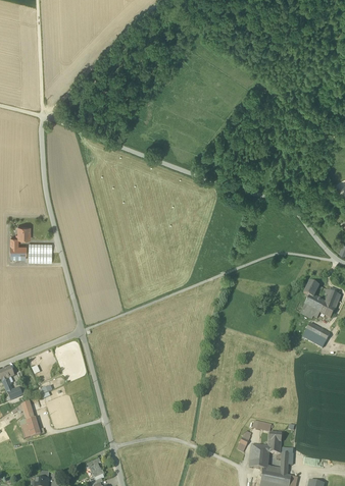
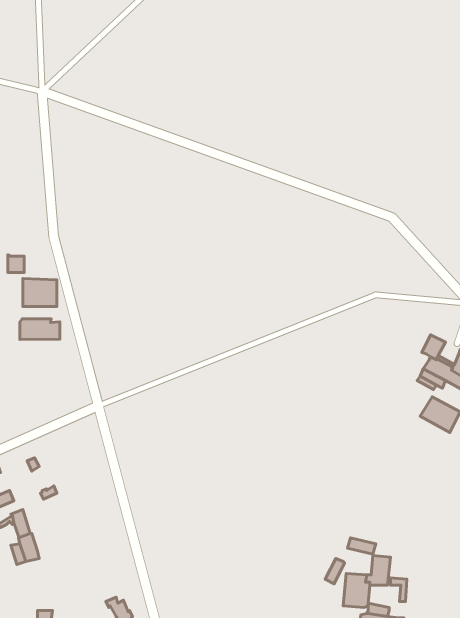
building: none -> [20,319,60,340]

